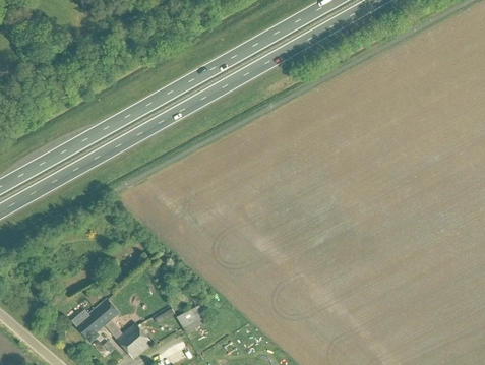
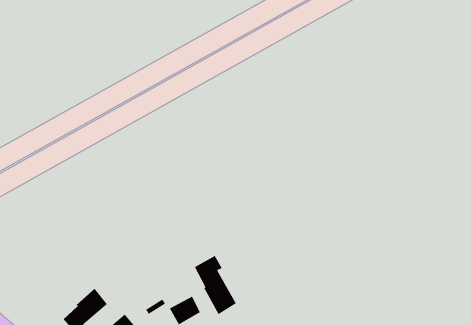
building: none -> [194,255,237,315]

